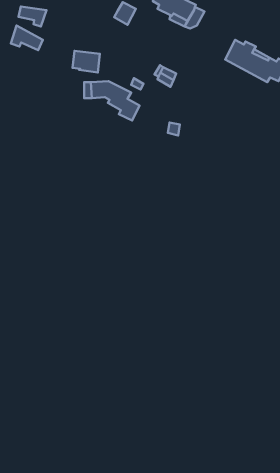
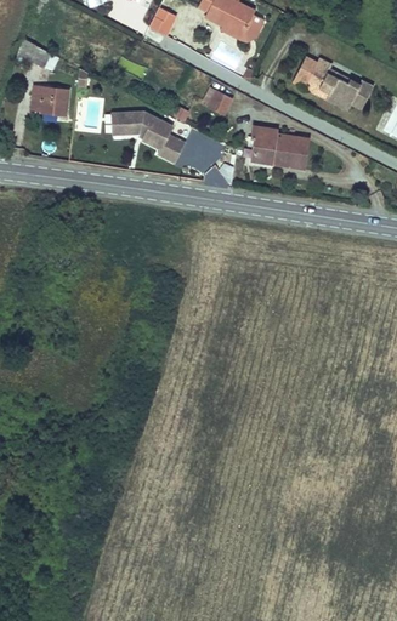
building: [18,7,47,27] -> none
building: [73,51,100,73] -> [33,86,68,114]
building: none -> [253,126,307,167]

